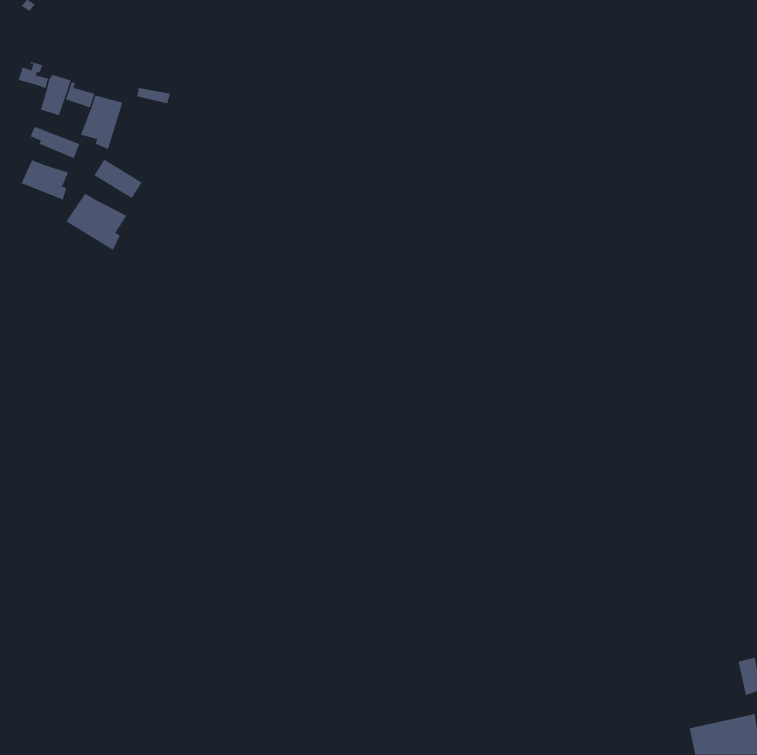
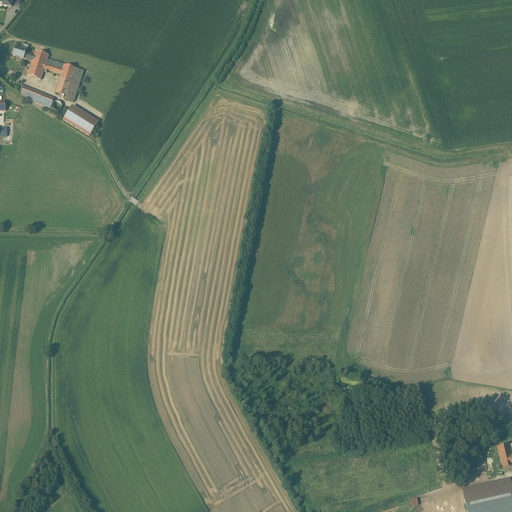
building: [21,160,69,201] -> none
building: [66,193,127,251] -> none

